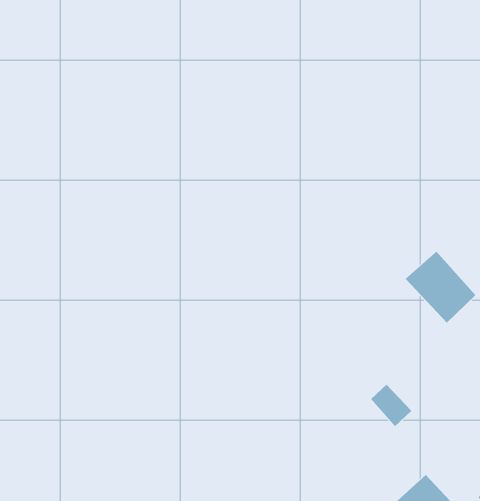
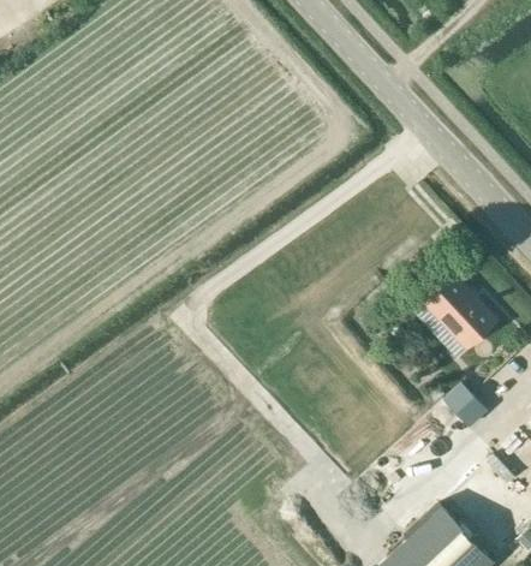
building: [370,384,412,427] -> [446,385,489,429]

